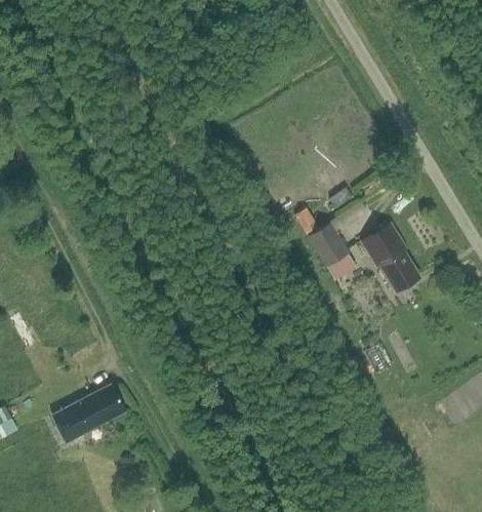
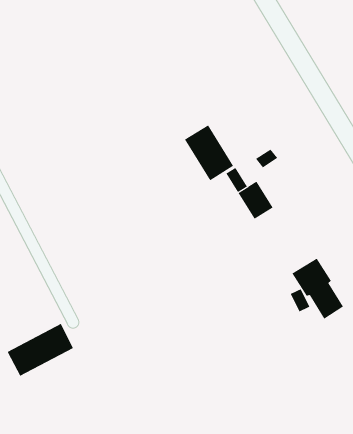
building: none -> [184,124,234,181]
building: [361,223,419,291] -> [292,258,344,320]

